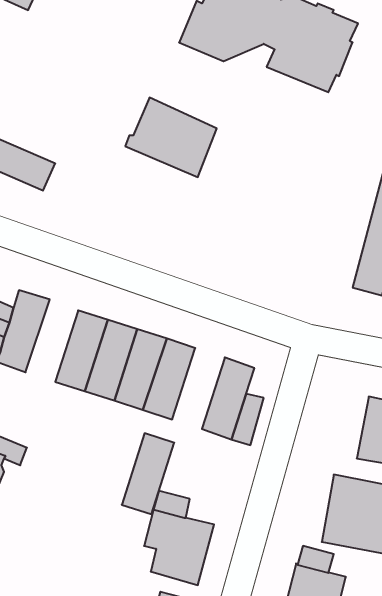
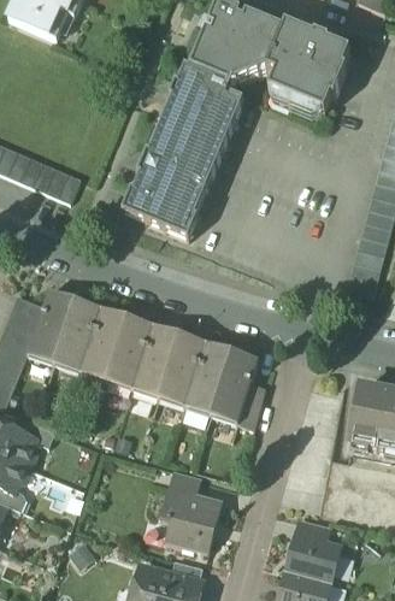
building: none -> [165,64,244,143]
building: none -> [123,159,208,237]
building: none -> [54,296,101,370]
building: [122,433,174,514] -> [185,340,232,412]

